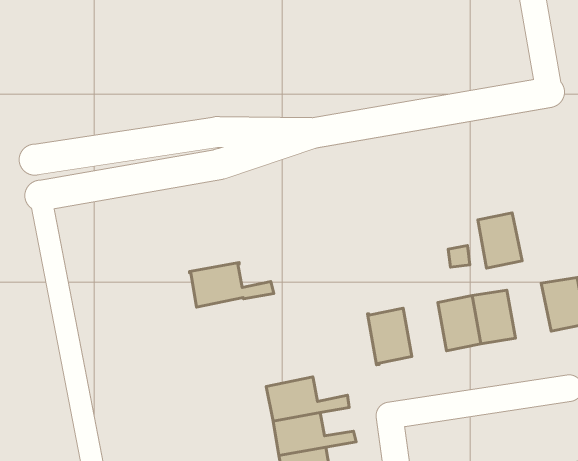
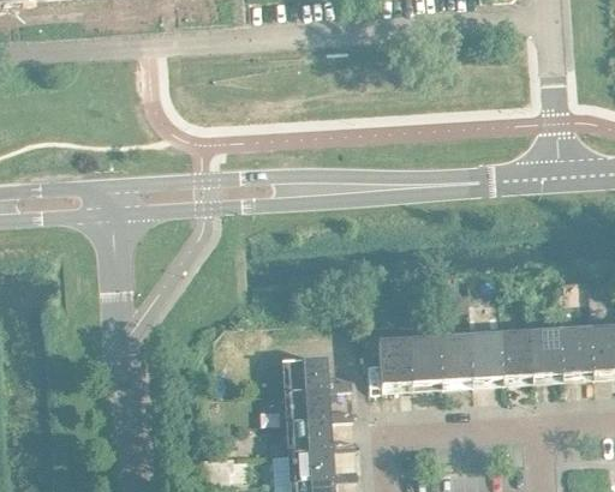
building: [478,213,522,268] -> [500,330,533,374]
building: [189,263,274,307] -> [282,356,352,390]
building: none -> [410,336,442,379]

